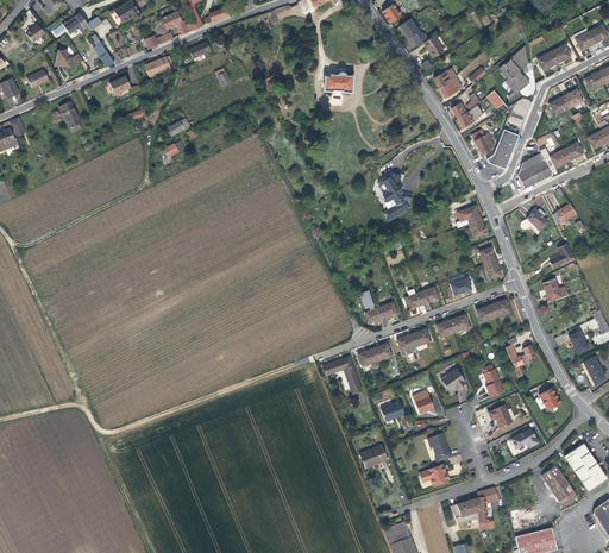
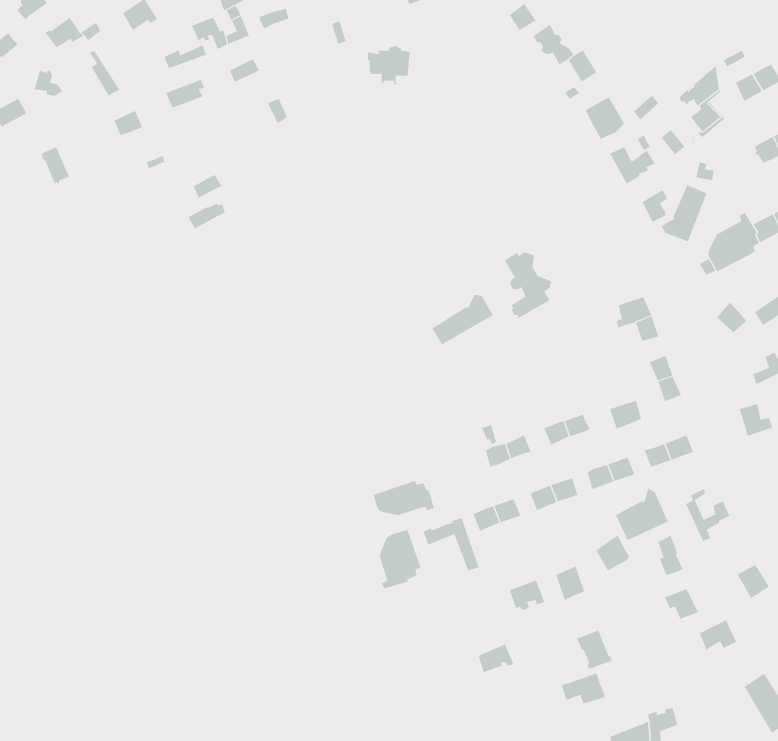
building: [322,70,352,98] -> [367,45,410,85]
building: none -> [431,294,493,345]
building: none -> [372,480,435,516]
building: none -> [615,487,668,541]
building: none -> [379,528,421,589]

